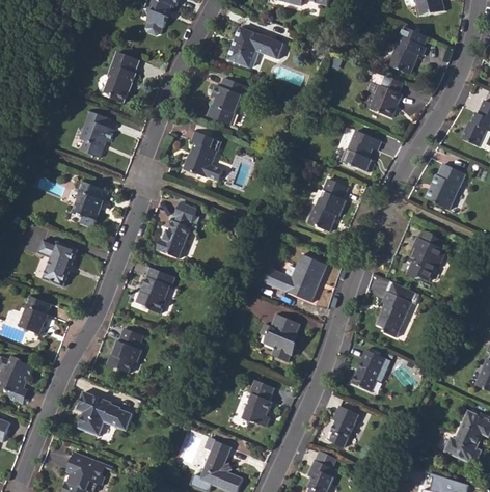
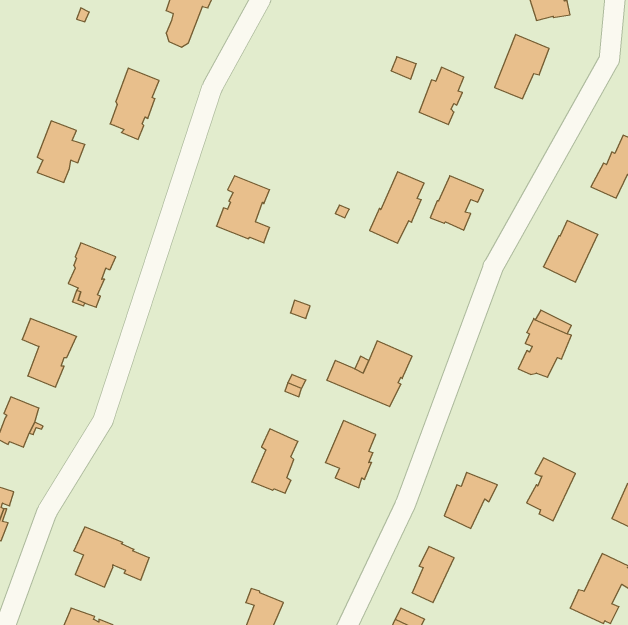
building: [228,28,284,69] -> none
building: [371,76,404,118] -> [419,67,464,125]
building: [207,78,250,126] -> none
building: [80,112,115,158] -> [37,121,85,182]
building: [308,179,349,231] -> [370,172,424,243]
building: [157,202,198,259] -> none
building: [136,267,174,313] -> none
building: [376,291,412,337] -> [527,458,575,521]
building: [108,327,143,373] -> none
building: [242,379,276,427] -> [252,429,298,493]

